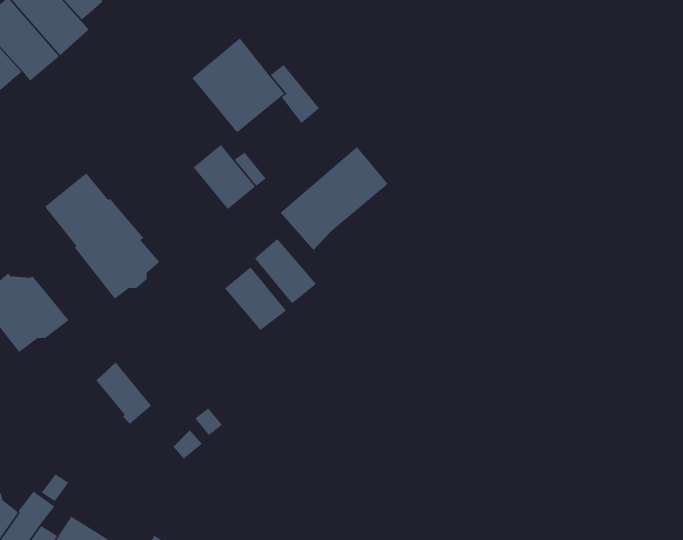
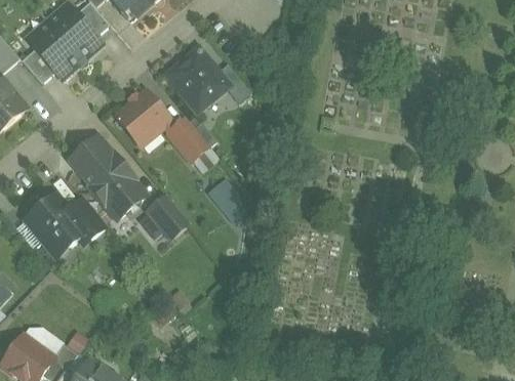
building: none -> [115,91,170,145]
building: [280,146,389,251] -> none
building: [224,267,287,331] -> [147,196,188,238]
building: [95,362,152,424] -> [68,198,105,239]

